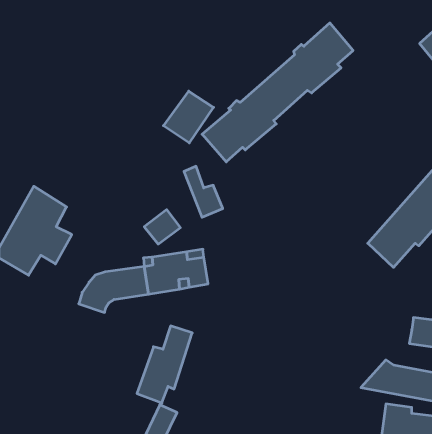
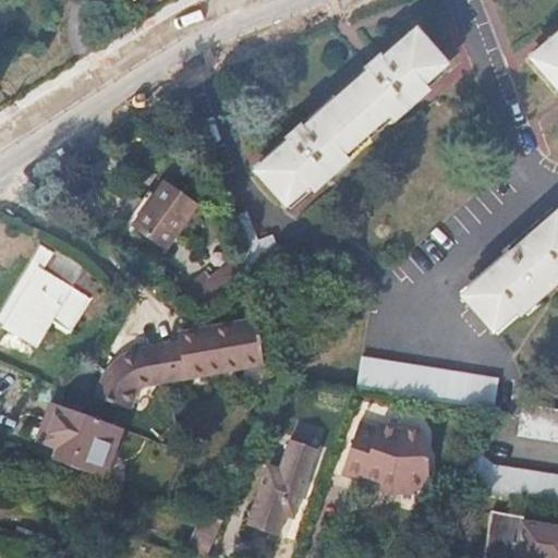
building: [163,91,214,143] -> [133,183,196,248]
building: none -> [356,356,497,411]
building: none -> [37,398,119,474]
building: [137,326,192,403] -> [251,437,320,534]
building: none -> [345,422,436,494]

